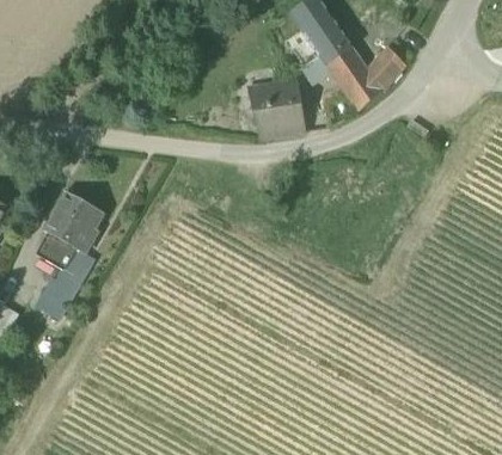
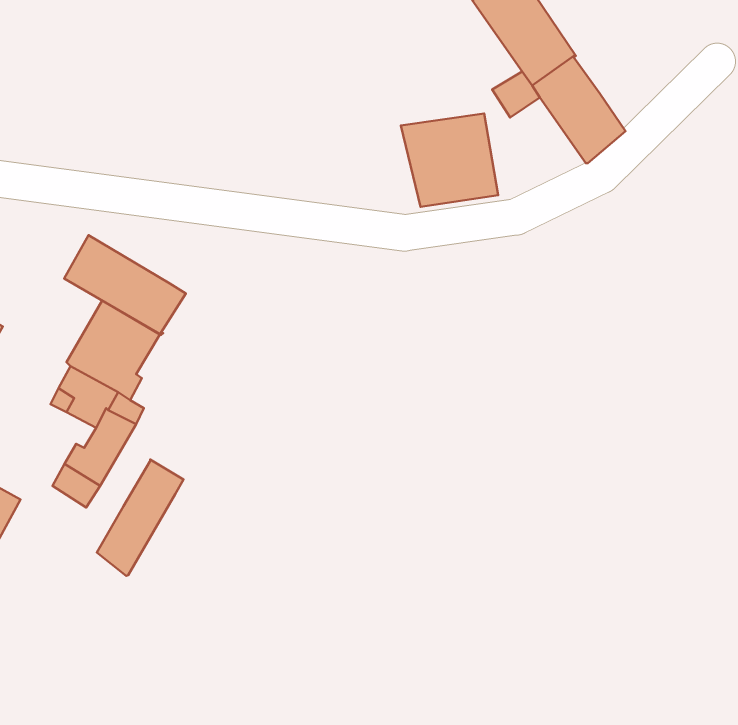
building: [366,44,405,90] -> none
building: none -> [64,235,186,335]
building: none -> [97,459,183,576]

